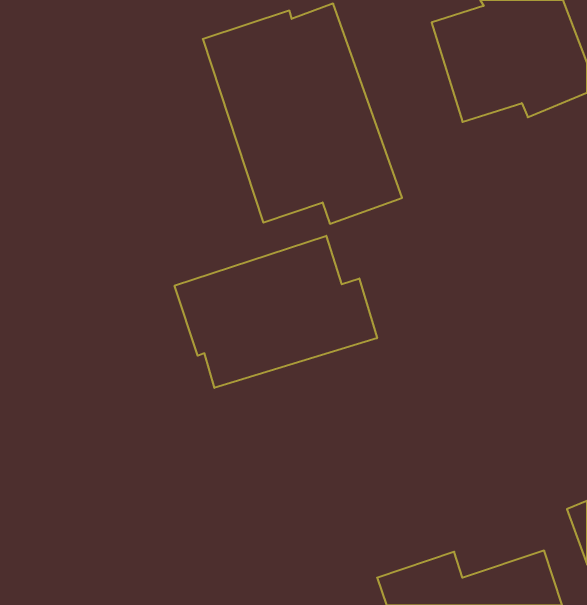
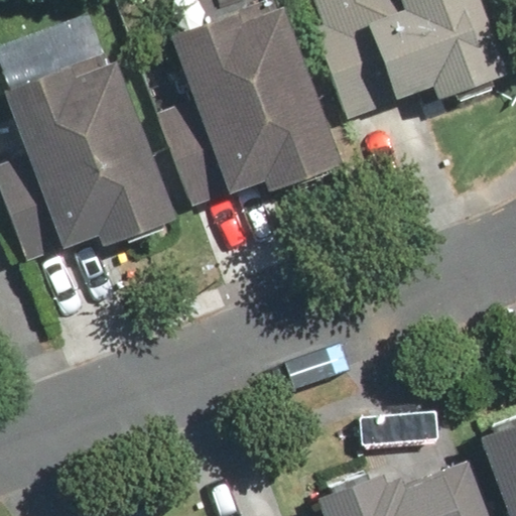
building: none -> [7,55,172,243]
building: [175,236,377,388] -> none

